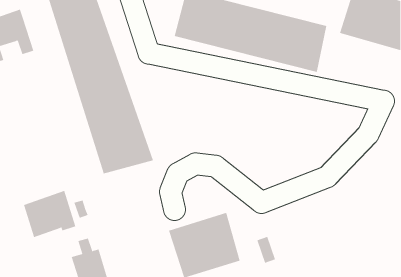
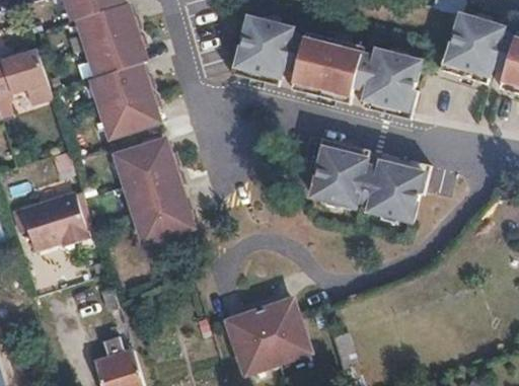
building: none -> [308,138,429,222]
building: [23,190,76,238] -> [23,185,90,245]

